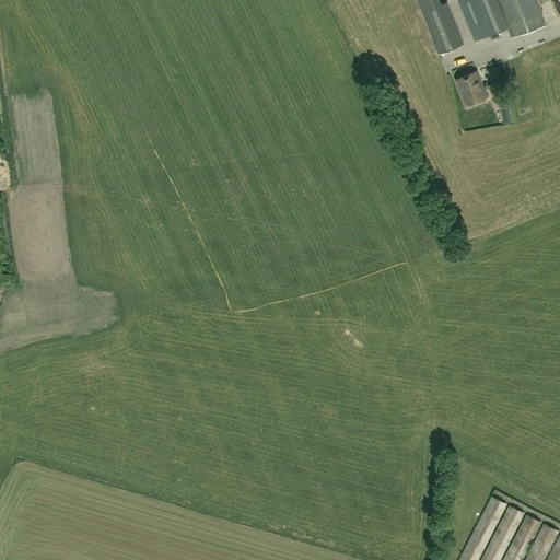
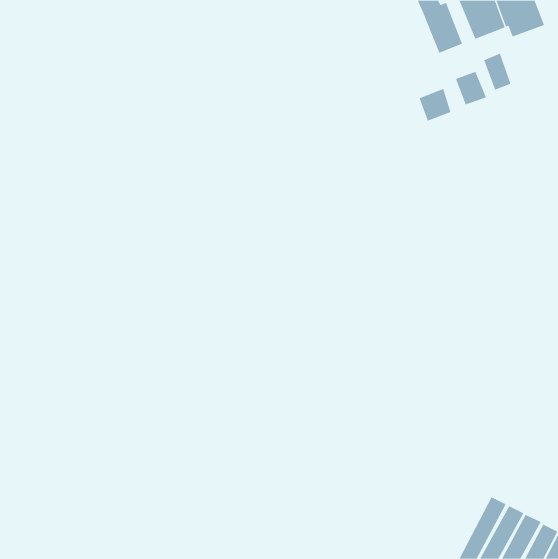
building: none -> [483,53,511,91]
building: none -> [419,88,451,121]

